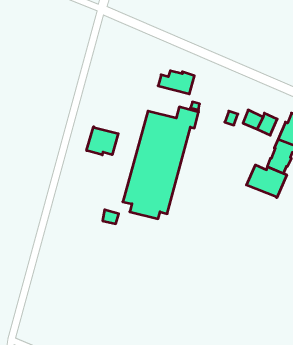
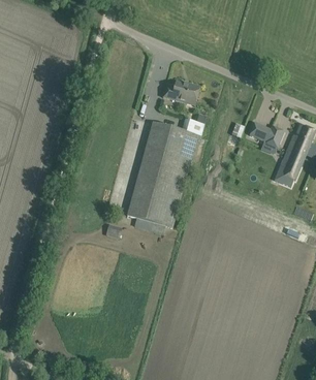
building: [87,127,118,155] -> none
building: [246,165,287,198] -> none

